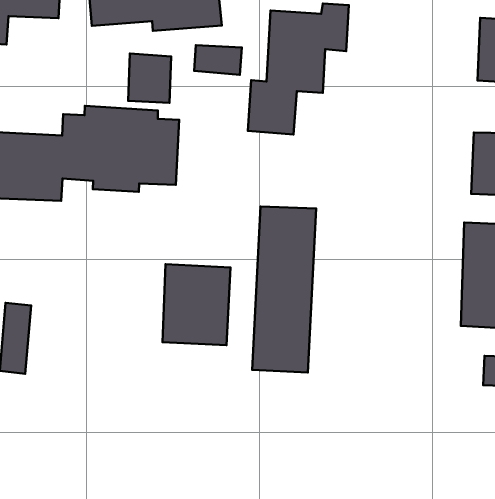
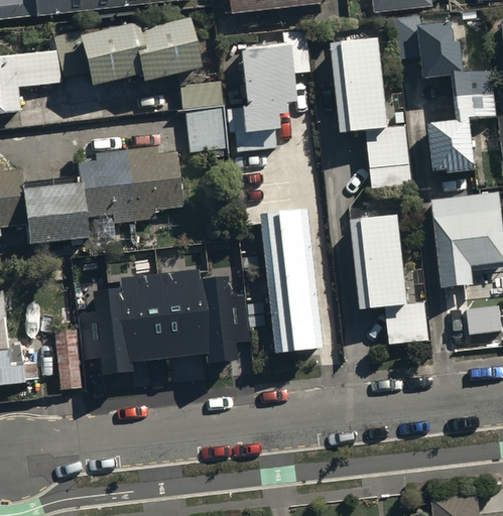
building: none -> [331,37,413,197]
building: [128,54,171,103] -> [184,110,225,153]
building: none -> [350,215,429,346]
building: none -> [98,264,181,358]

